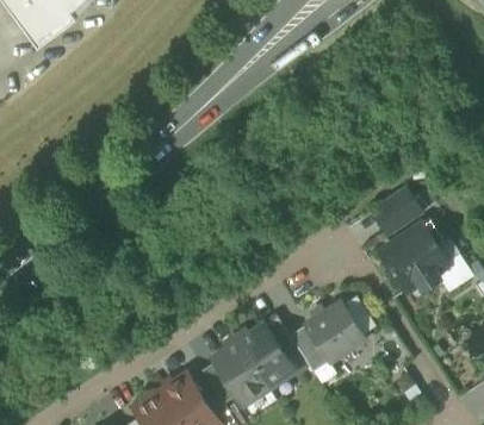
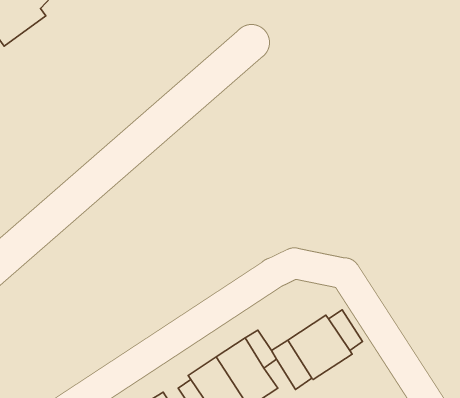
building: [371,186,423,236] -> none
building: [381,218,448,290] -> none

